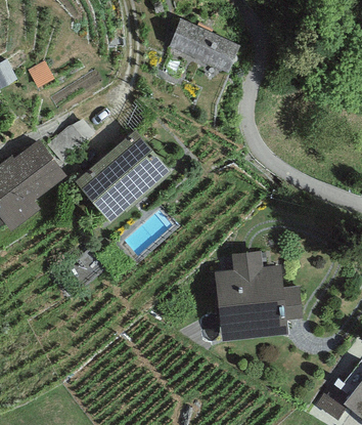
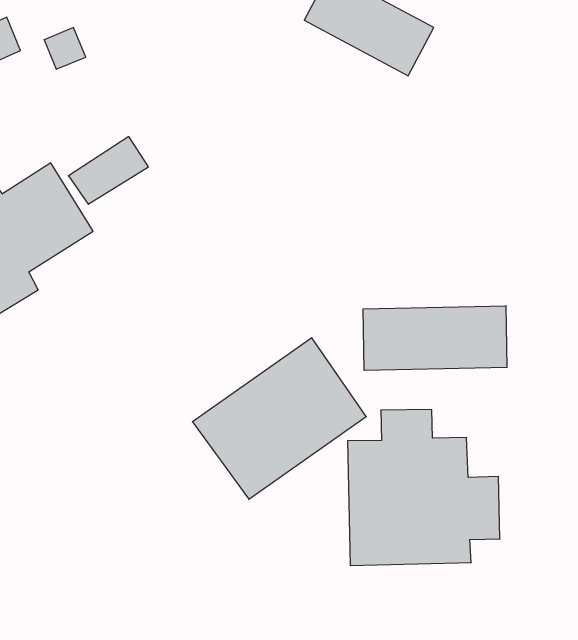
building: [74,129,168,220] -> [192,338,366,499]
building: none -> [363,306,507,370]

